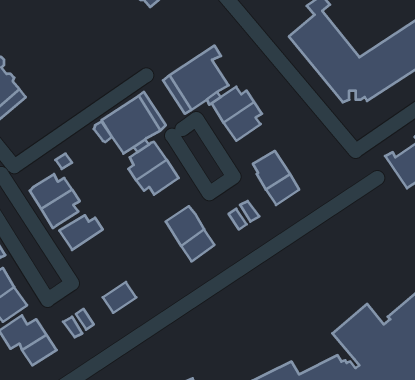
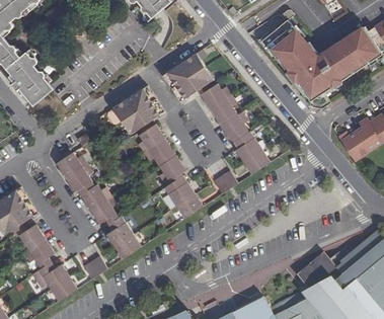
building: none -> [220,109,250,141]
building: none -> [154,155,184,186]
building: none -> [89,193,120,224]
building: none -> [105,216,132,247]

